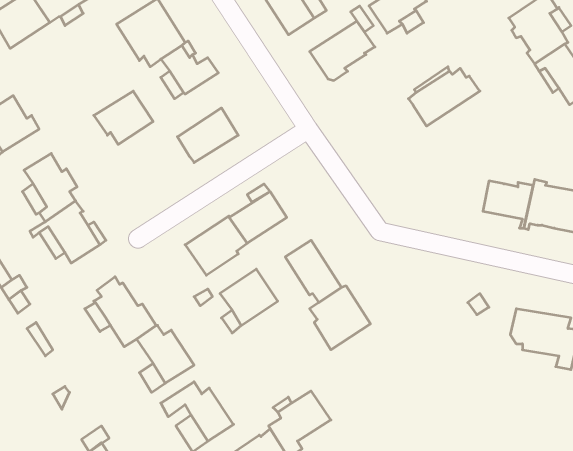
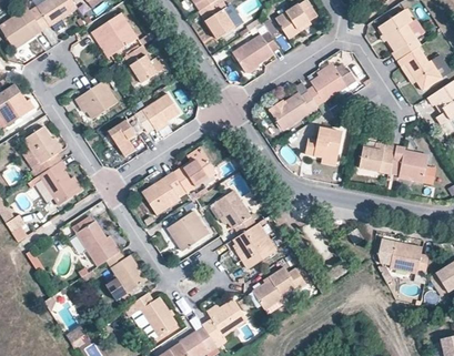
building: none -> [269,90,317,130]
building: none -> [108,113,144,155]
building: none -> [304,126,342,160]
building: none -> [252,266,305,309]

